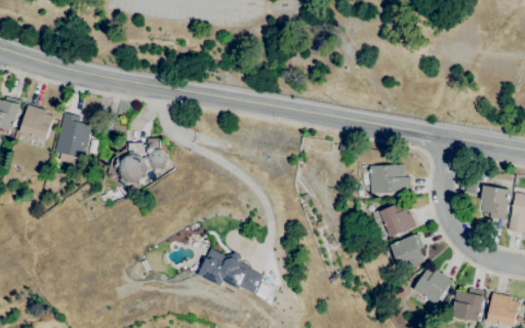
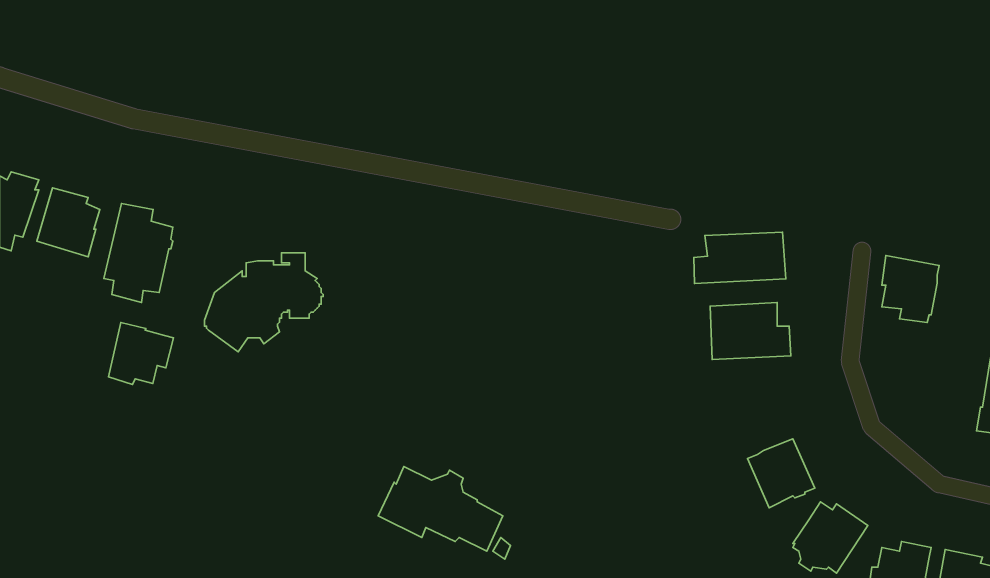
building: none -> [694,232,786,284]
building: none -> [108,323,173,384]
building: [481,184,511,219] -> [882,255,939,323]
building: [372,201,416,237] -> none

